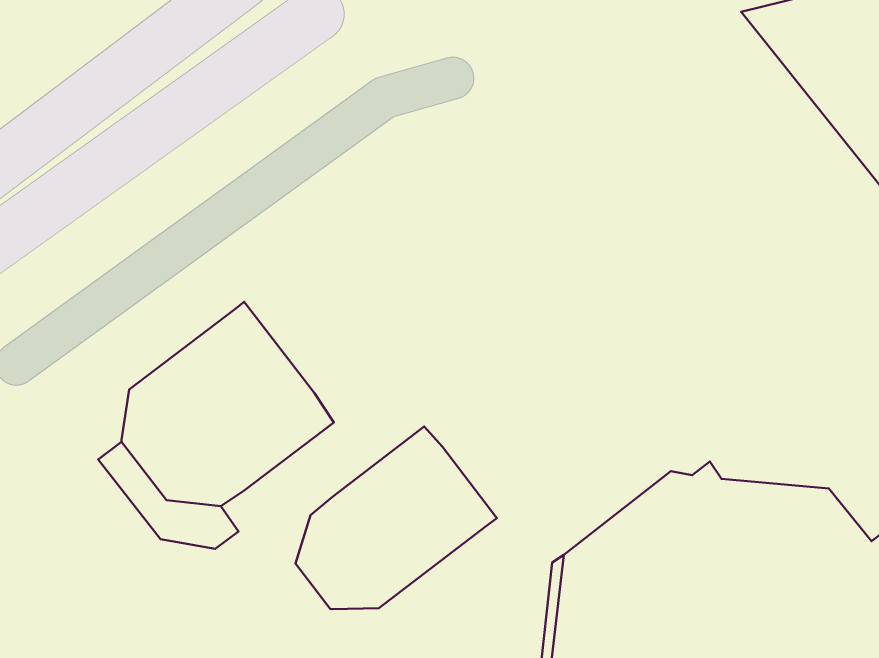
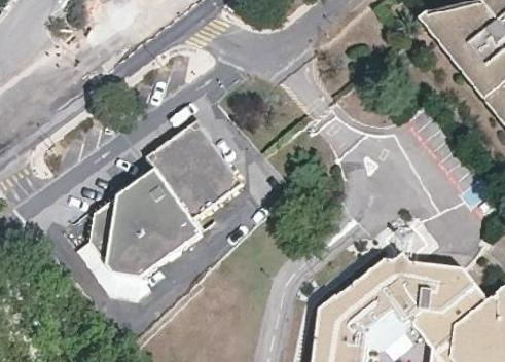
building: none -> [147,117,245,217]
building: [296,427,497,609] -> none

